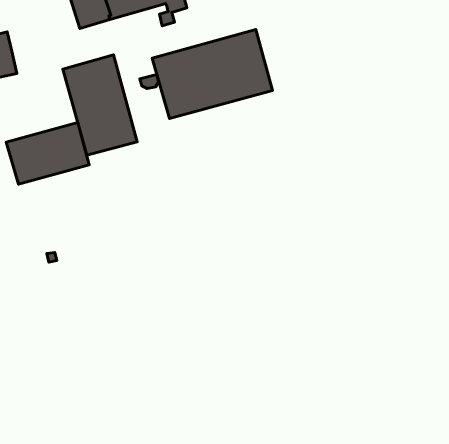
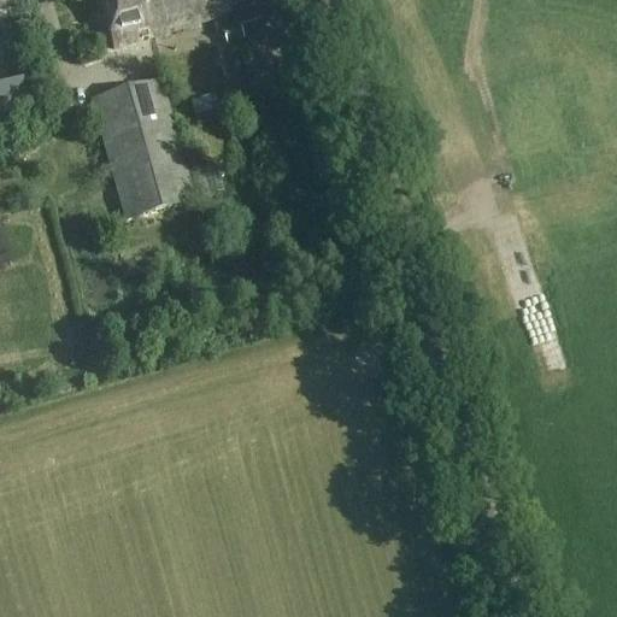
building: [152,30,272,119] -> none
building: [6,122,89,184] -> none

